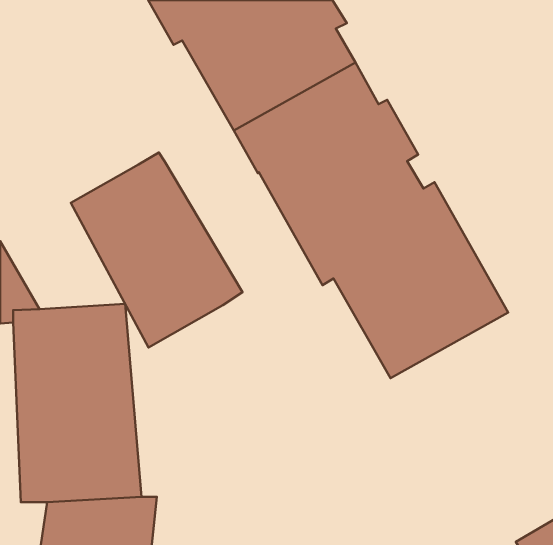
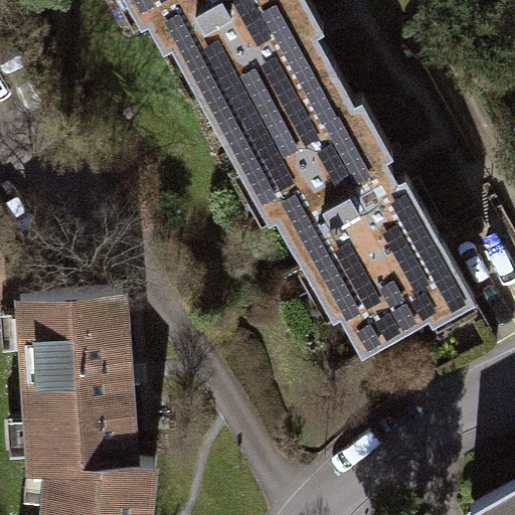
building: [71,152,243,348] -> none

